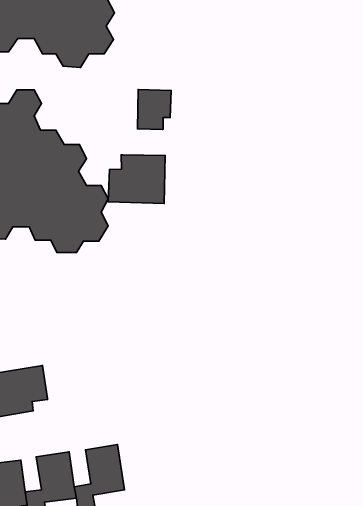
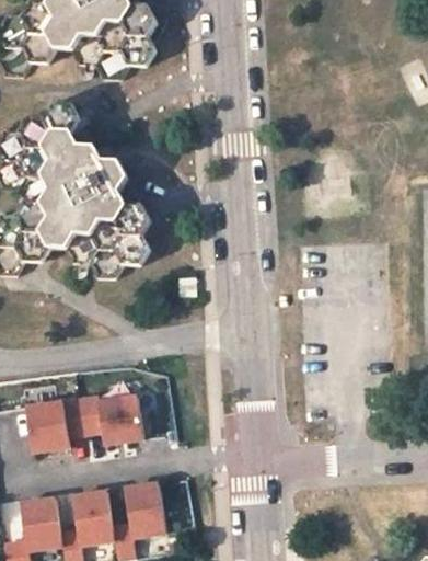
building: [137,90,171,129] -> none
building: [108,155,165,203] -> none
building: none -> [80,394,144,444]

